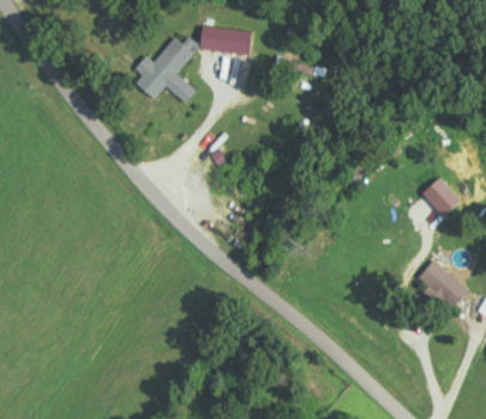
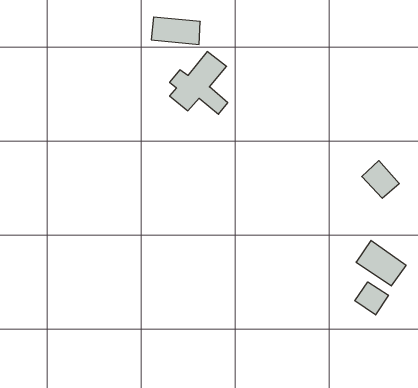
building: [134,36,196,102] -> [170,52,228,114]
building: none -> [355,282,388,315]

